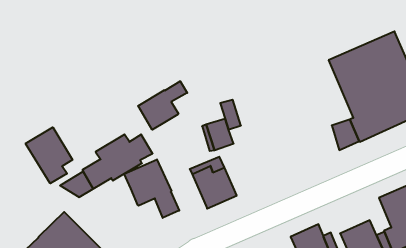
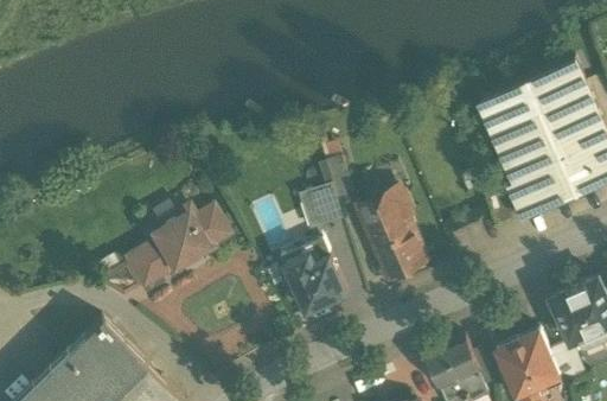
building: [138,81,187,130] -> none
building: none -> [360,192,427,278]
building: [26,127,72,183] -> none
building: [124,159,179,218] -> none

